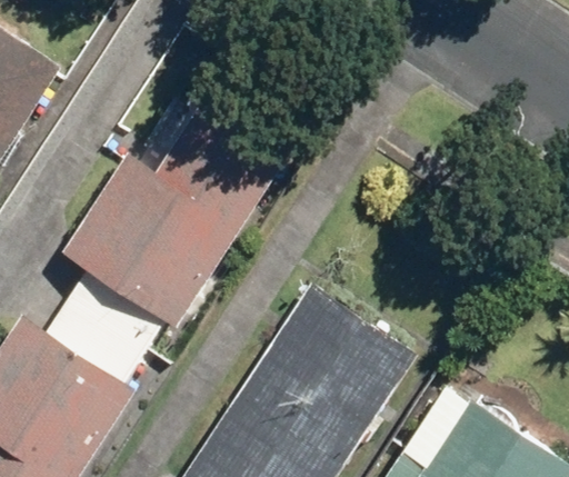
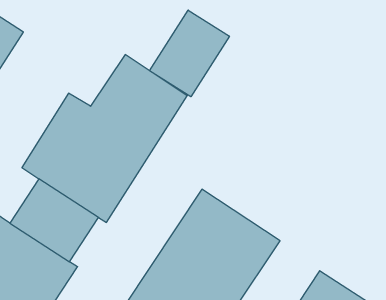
building: none -> [150,10,229,97]

